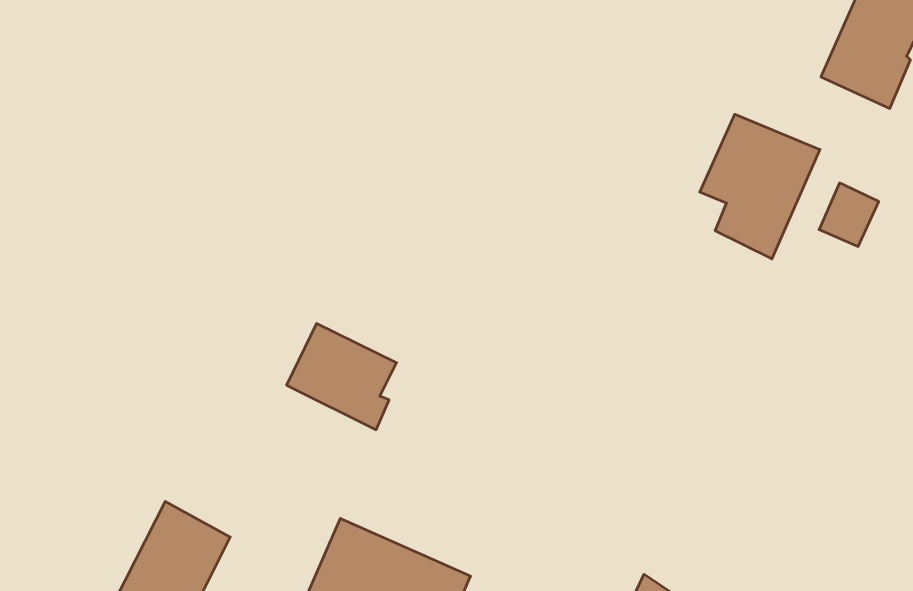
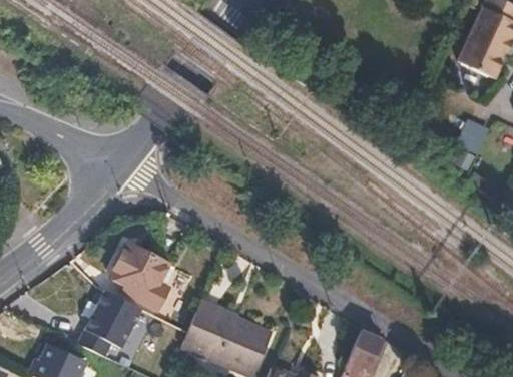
building: [700,114,820,259] -> none
building: [287,324,397,430] -> [119,250,178,307]

